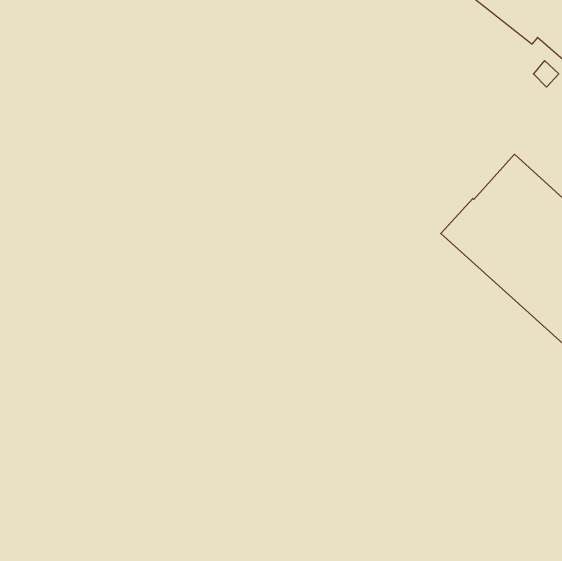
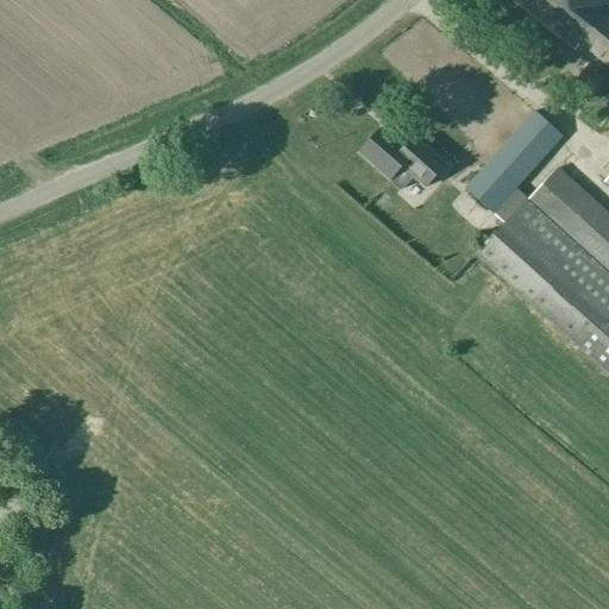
building: none -> [466,108,564,212]
building: none -> [360,126,448,189]

